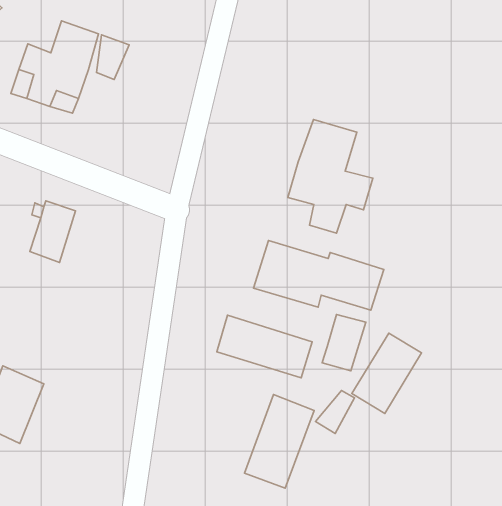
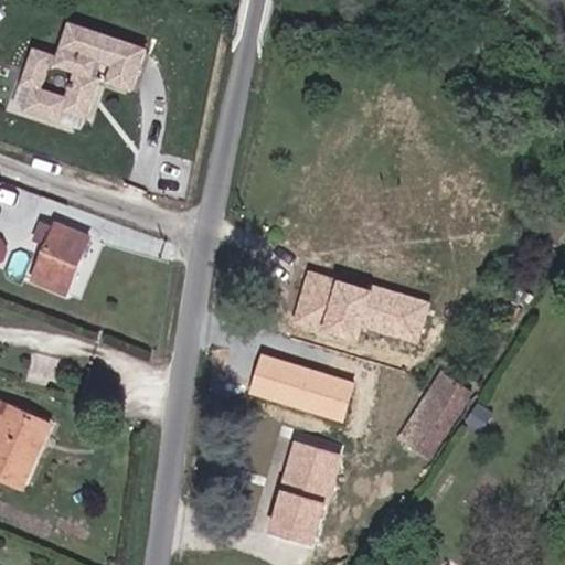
building: [288,120,373,233] -> none
building: [322,315,366,371] -> none
building: [316,390,355,433] -> none

